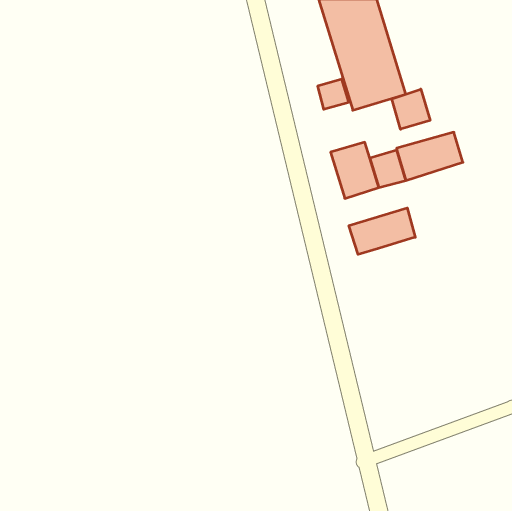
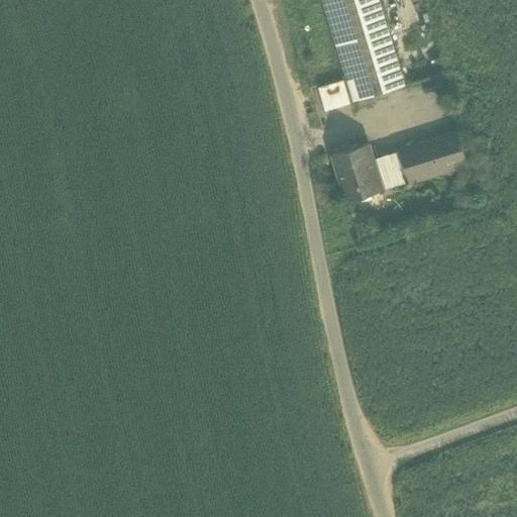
building: [392,89,430,129] -> none
building: [349,208,415,254] -> none

